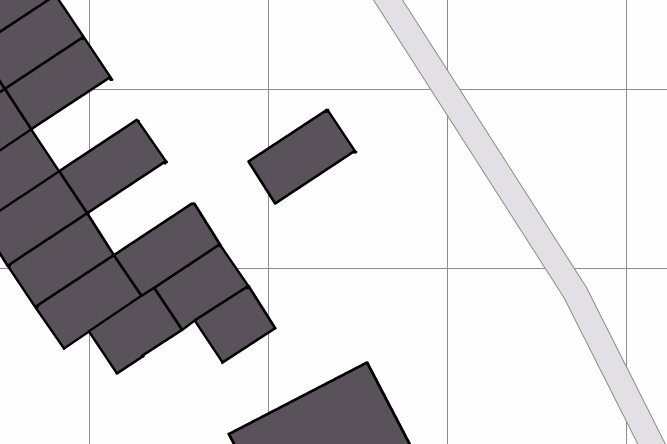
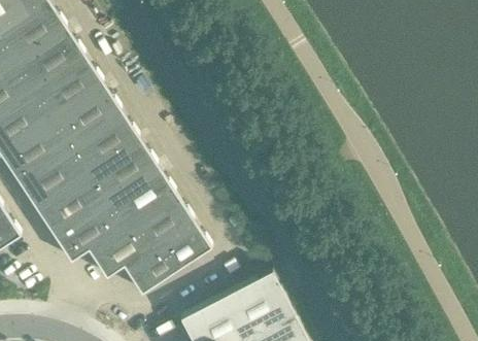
building: none -> [49,82,121,144]
building: [249,110,356,203] -> [87,138,158,200]
building: none -> [123,243,176,295]

